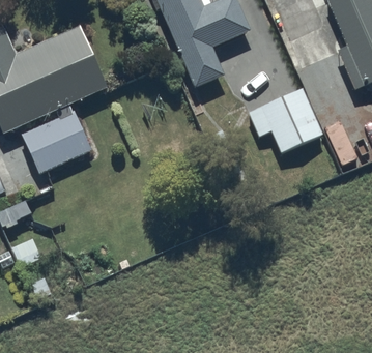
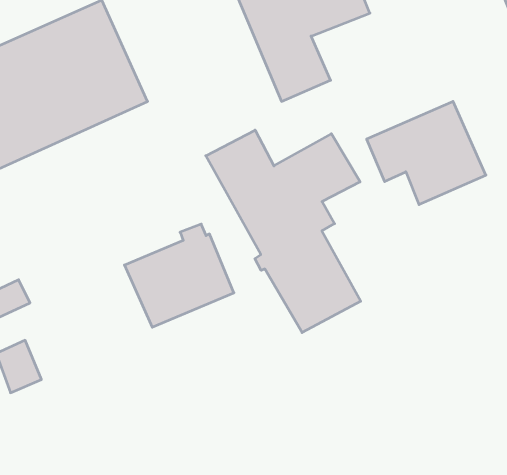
building: none -> [206,130,361,333]
building: [22,108,91,173] -> [124,224,234,327]

